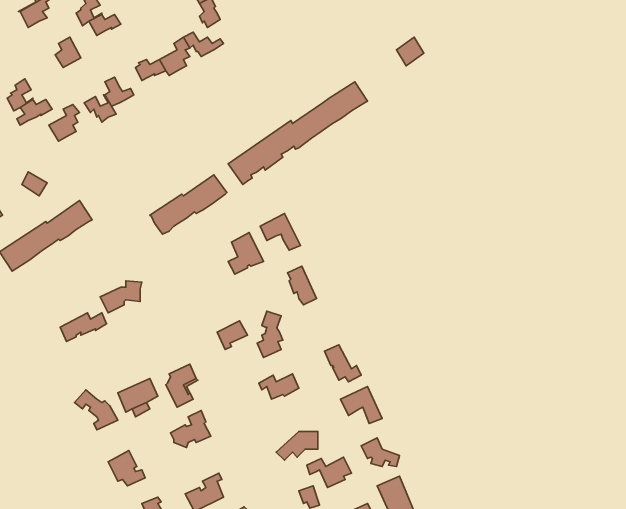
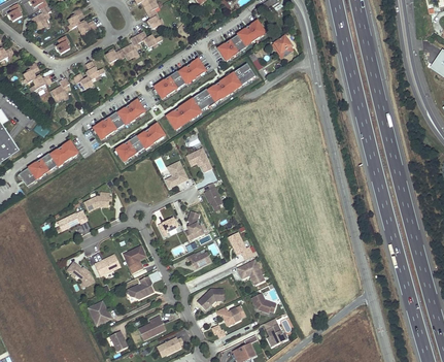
building: none -> [216,20,265,59]
building: none -> [152,58,205,98]
building: none -> [93,99,144,138]

